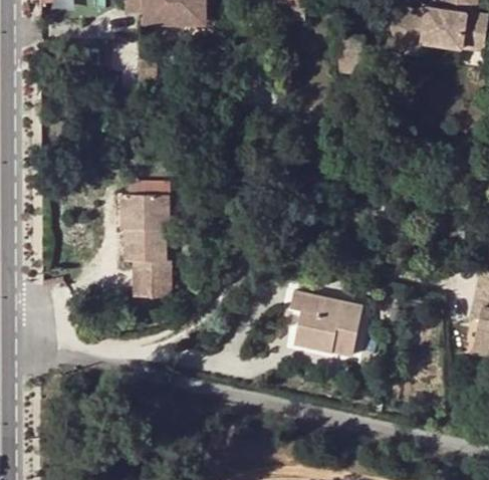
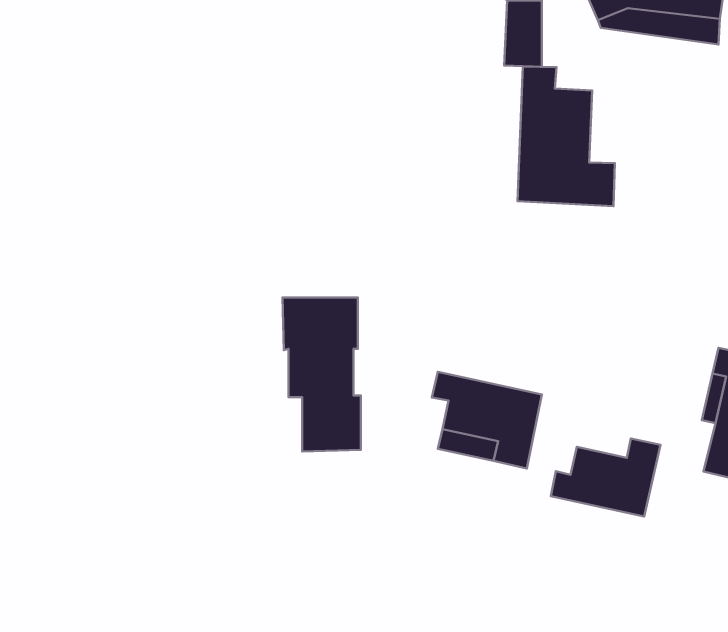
building: none -> [518,67,615,206]
building: [119,194,172,296] -> [282,297,361,451]
building: none -> [551,439,661,517]

